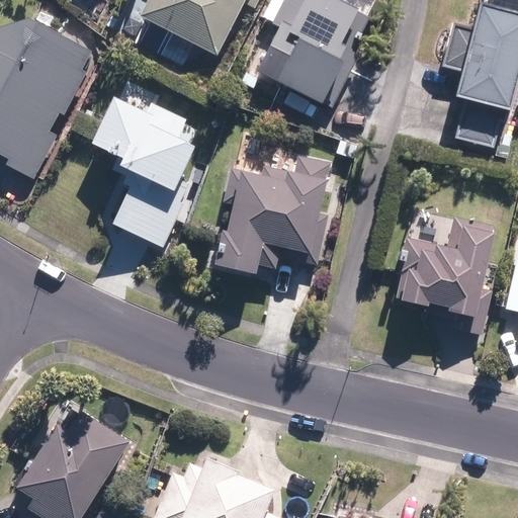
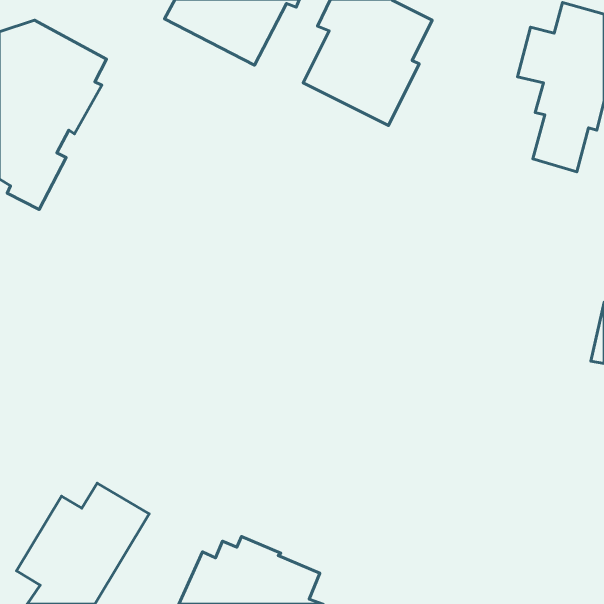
building: [92,96,196,248] -> none
building: [215,156,329,274] -> none
building: [395,227,494,335] -> none

